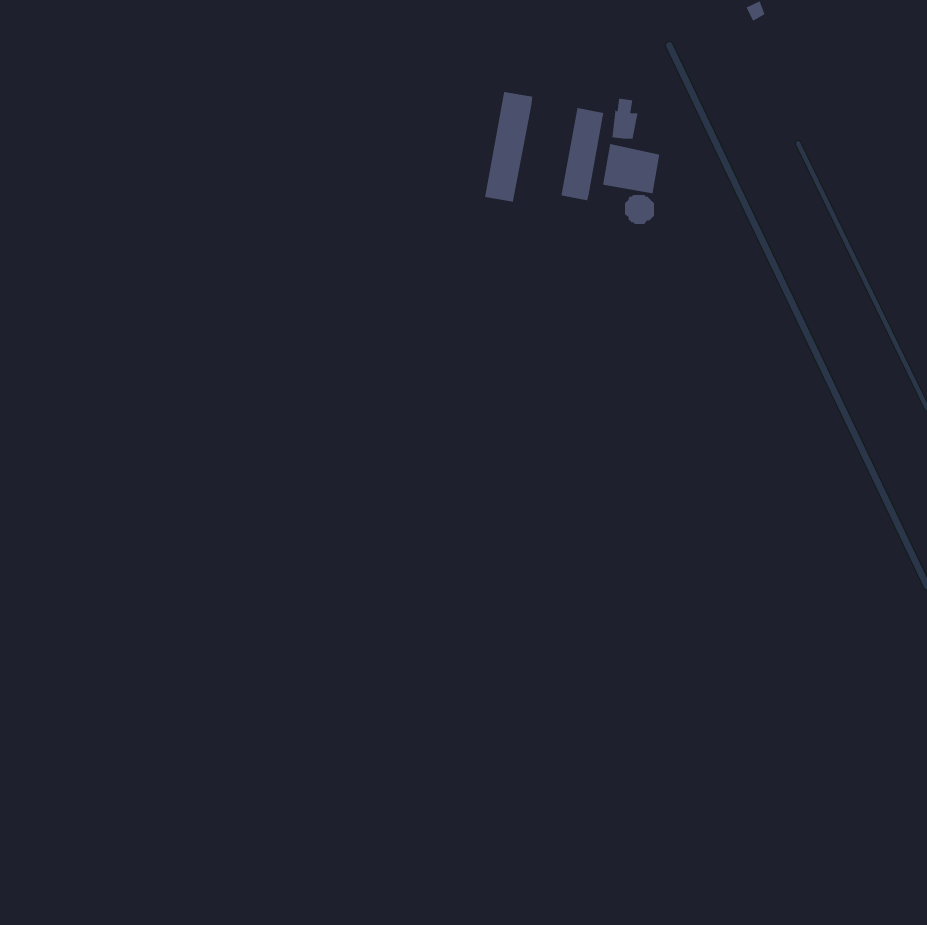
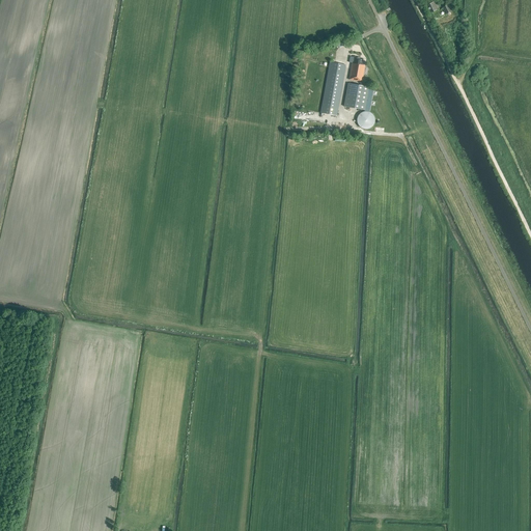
building: [484,91,533,202] -> none

